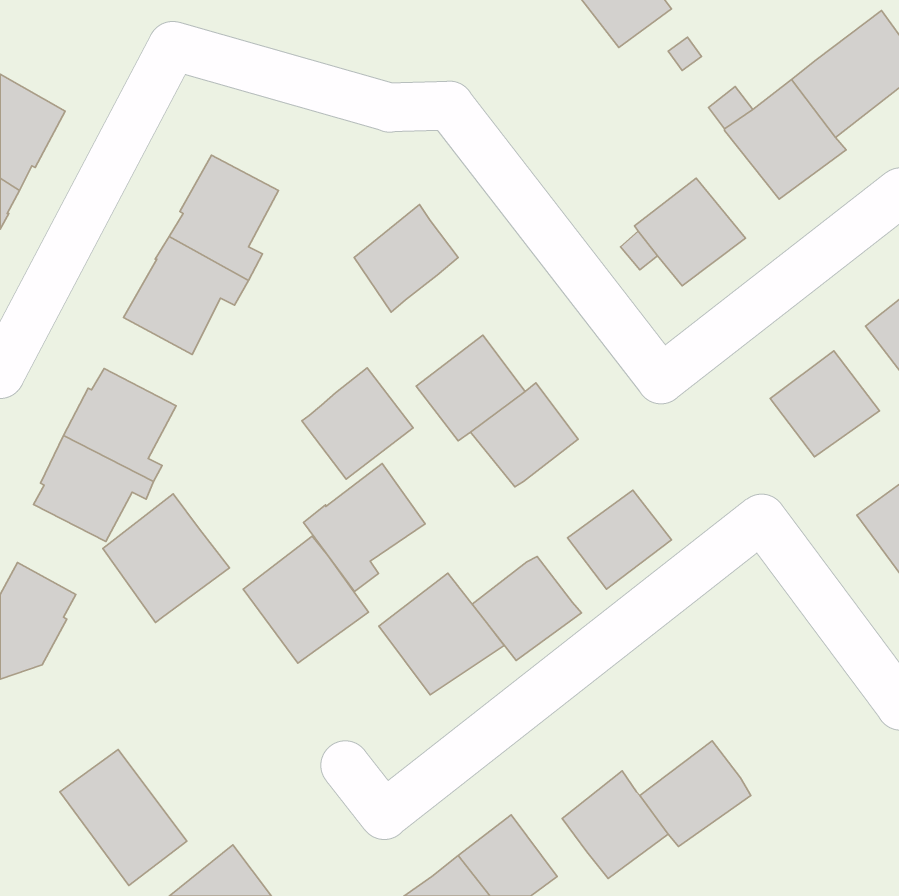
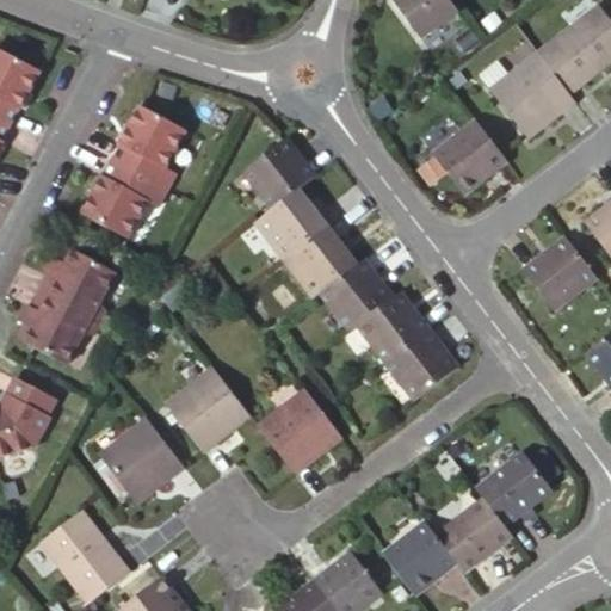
building: [302,368,413,479] -> [253,186,328,261]
building: [303,464,425,592] -> none
building: [103,494,230,623] -> [97,414,183,501]
building: [472,557,581,661] -> [356,294,430,364]
building: none -> [474,453,550,526]

